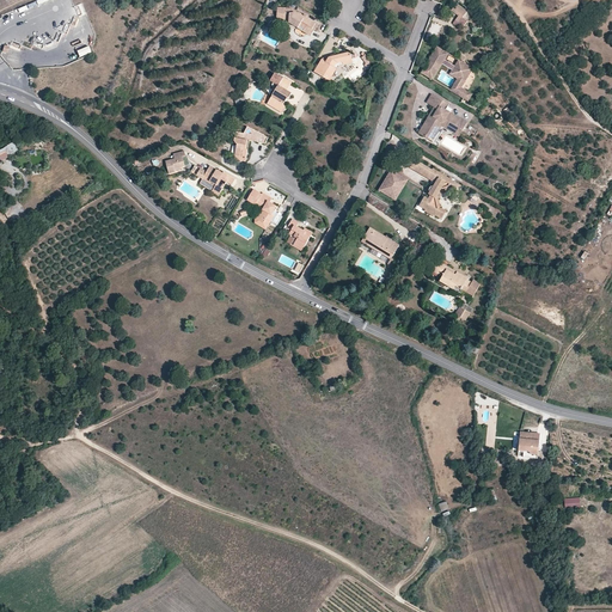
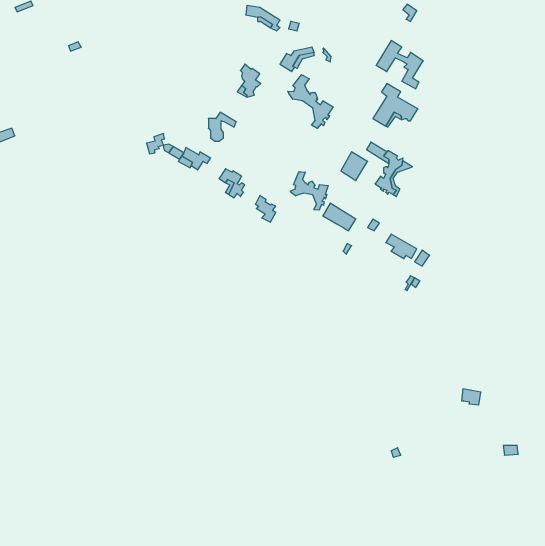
building: none -> [288,75,333,128]
building: none -> [290,172,328,210]

